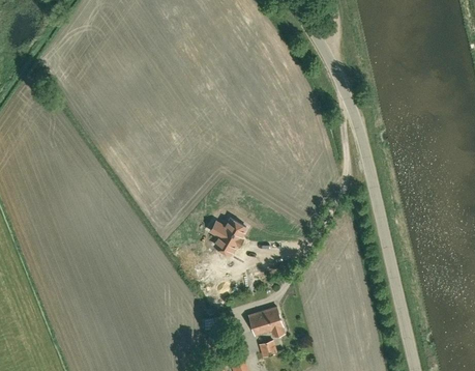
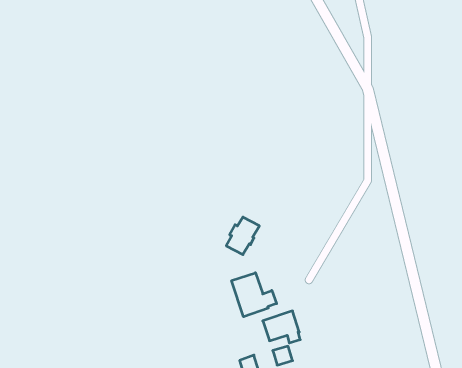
building: none -> [232,273,277,317]

